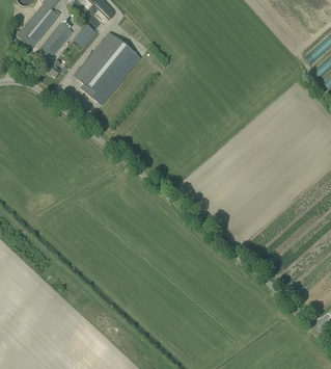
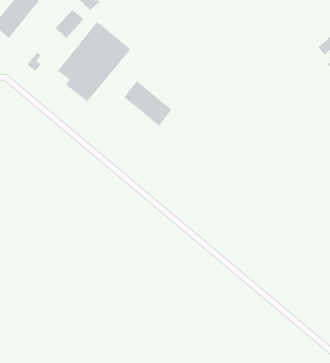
building: [37,22,74,61] -> none
building: none -> [123,80,172,127]

